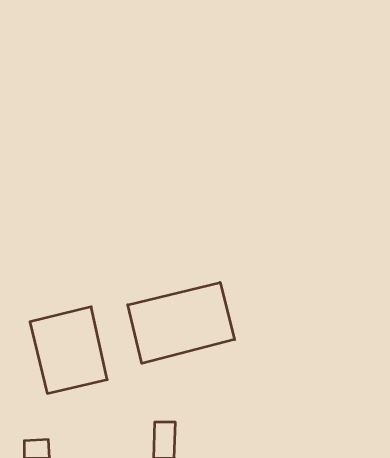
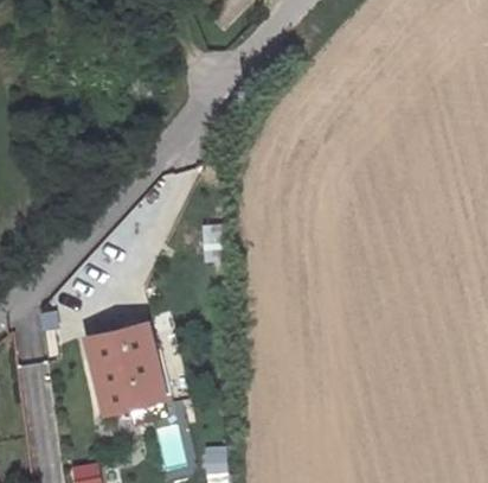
building: [128,282,235,363] -> none

